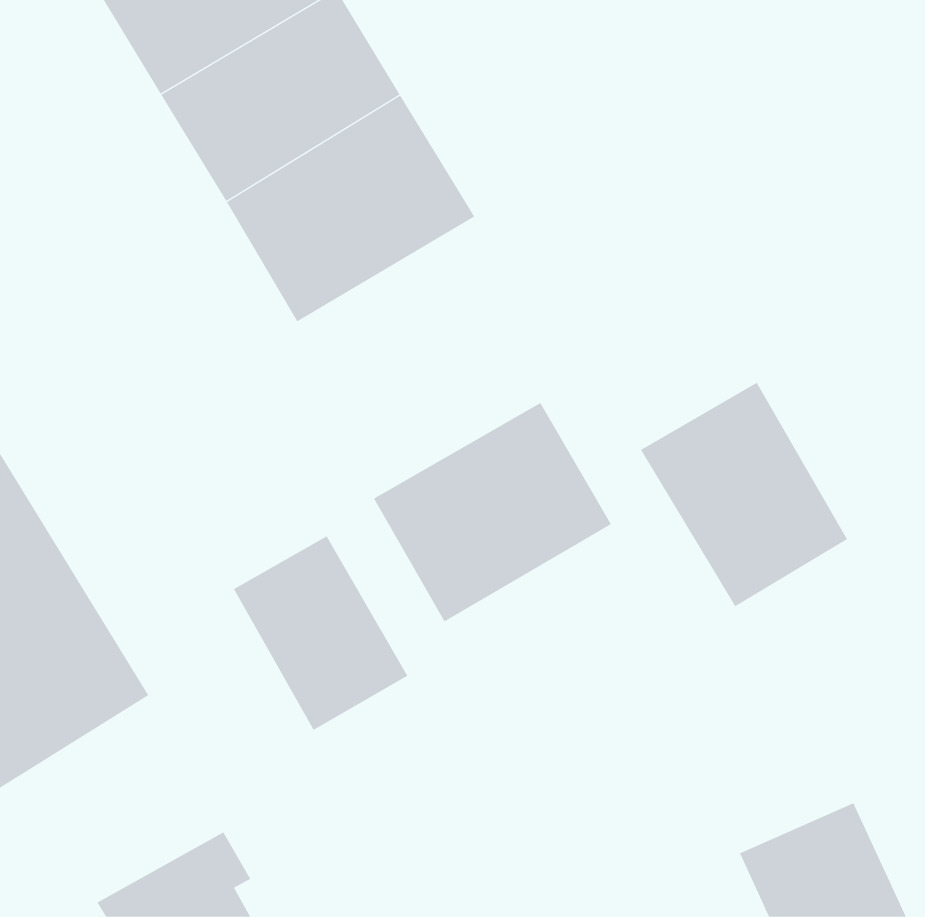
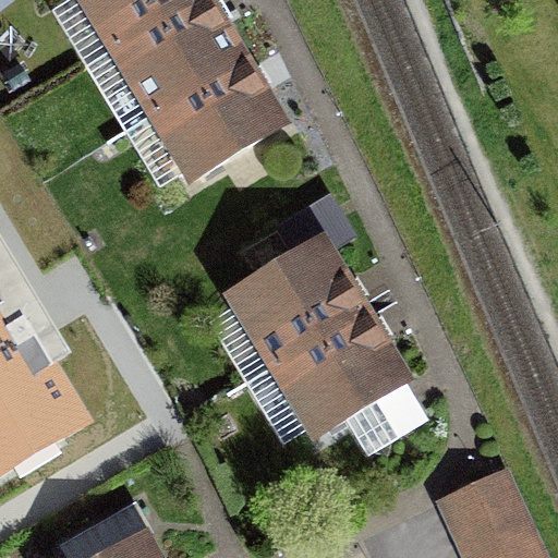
building: [640,382,848,607] -> none
building: none -> [266,314,411,448]
building: [233,535,408,731] -> none

